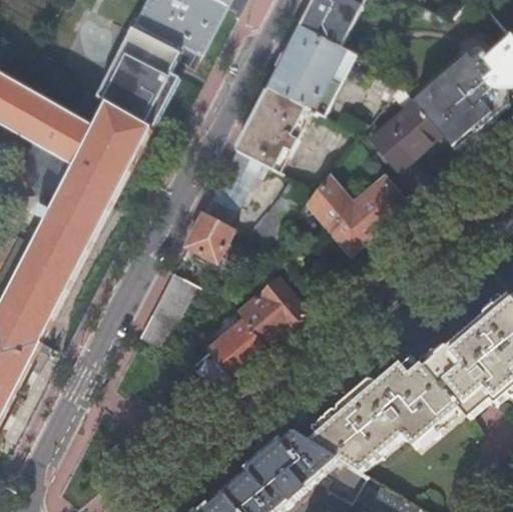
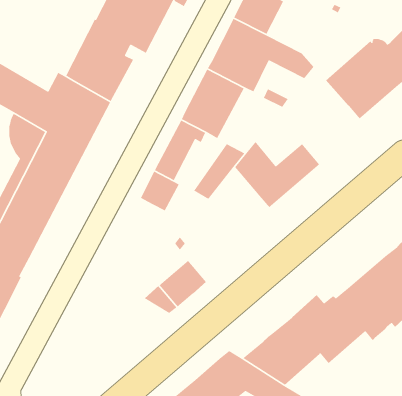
building: [371,99,440,167] -> none
building: [138,270,195,348] -> none
building: [238,278,308,346] -> none

